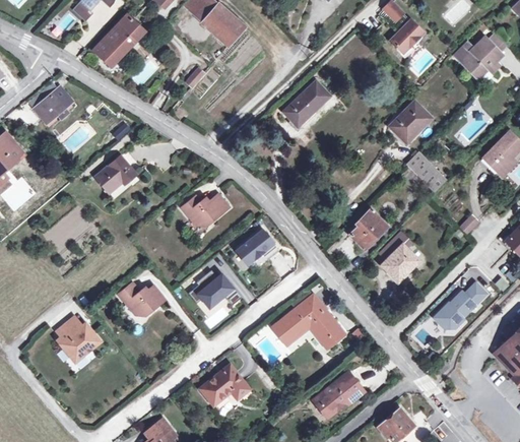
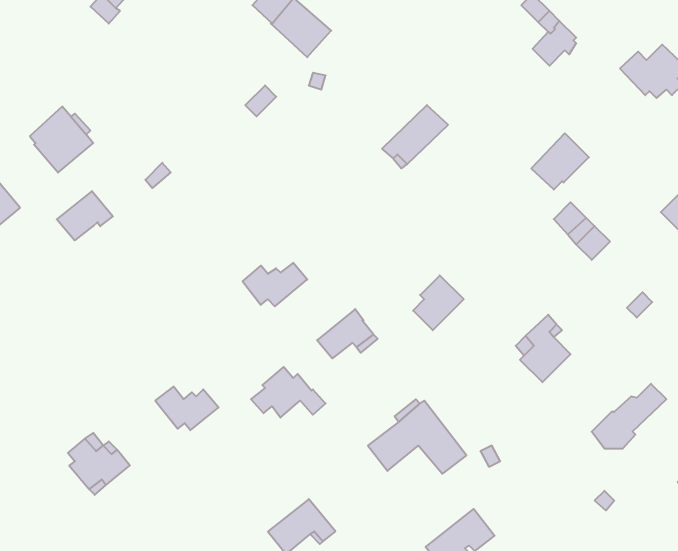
building: [94,15,145,67] -> none
building: [95,156,136,192] -> [57,191,113,240]
building: [350,209,387,249] -> [413,275,464,330]

